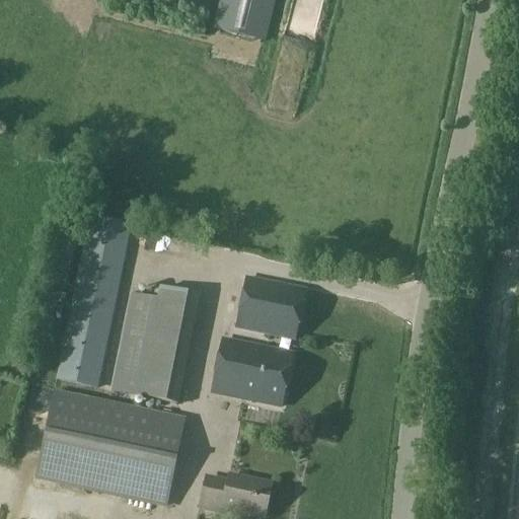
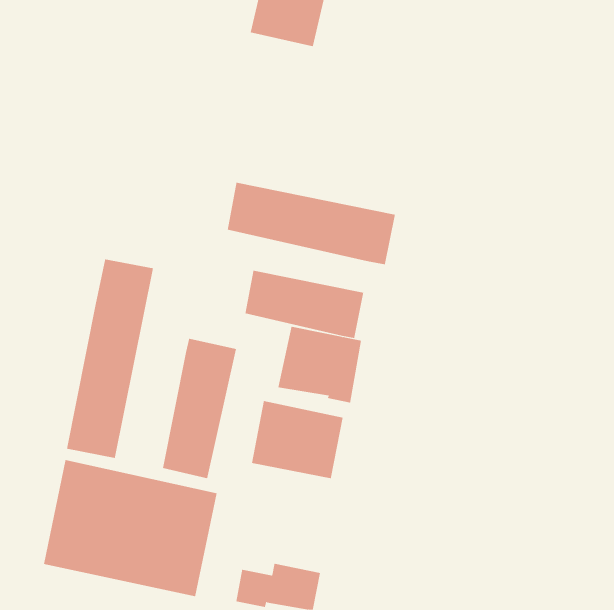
building: none -> [227,182,395,265]
building: none -> [245,270,364,339]
building: [110,291,156,394] -> none

